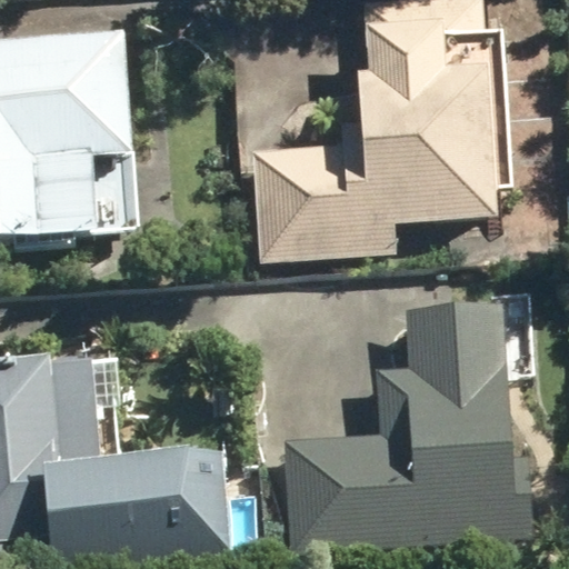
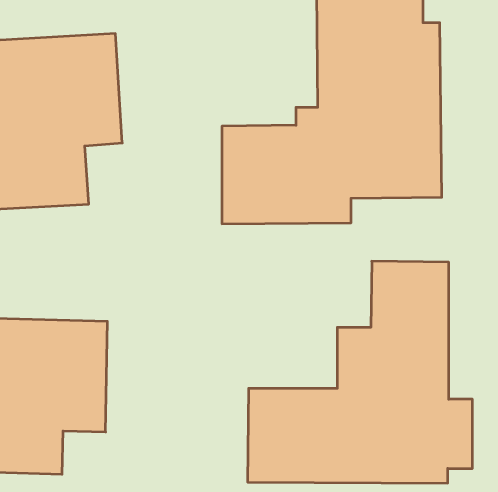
building: [151,463,262,543] -> none

